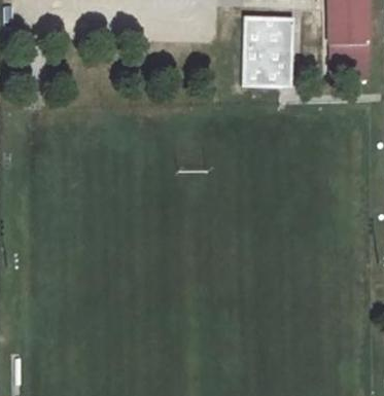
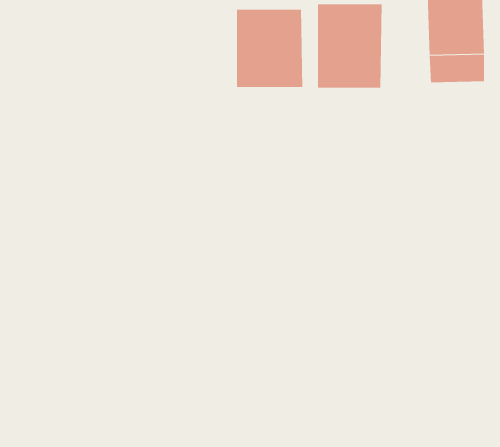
building: none -> [236,9,303,88]

